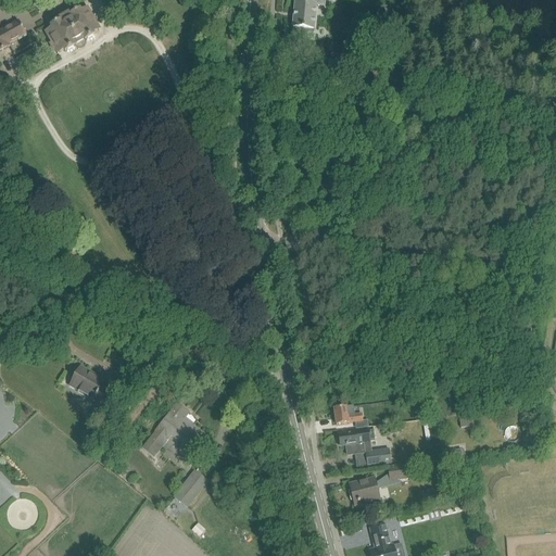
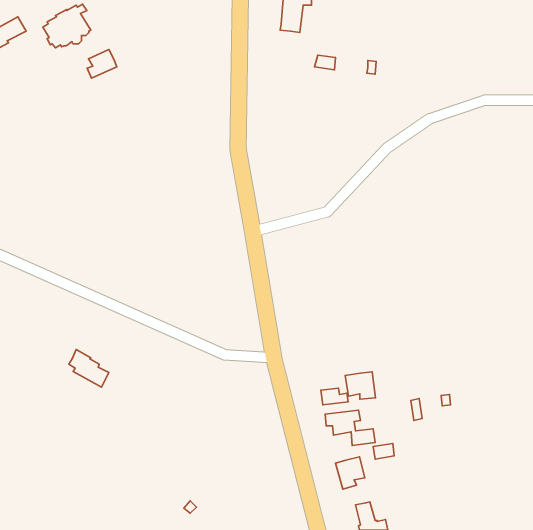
building: none -> [87,49,117,78]
building: none -> [345,372,375,399]
building: [142,402,202,453] -> none
building: [174,469,206,504] -> none

